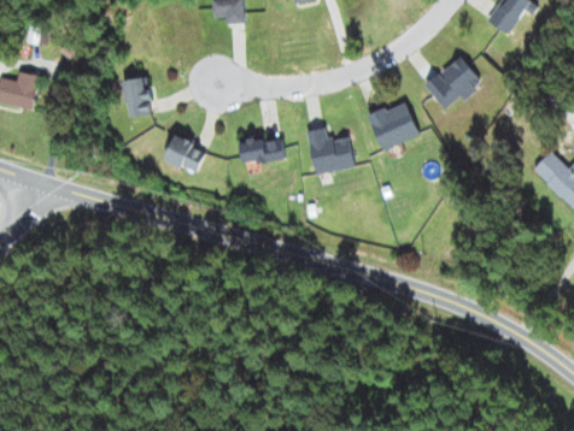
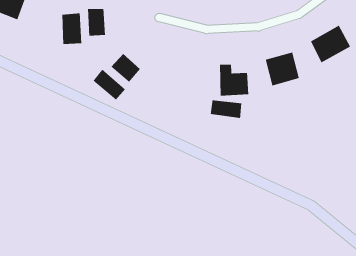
building: none -> [61,12,82,45]
building: [240,138,282,160] -> [210,99,242,119]
building: none -> [93,68,126,101]

